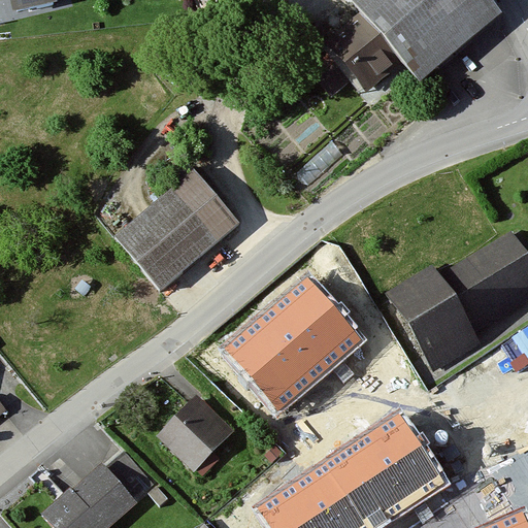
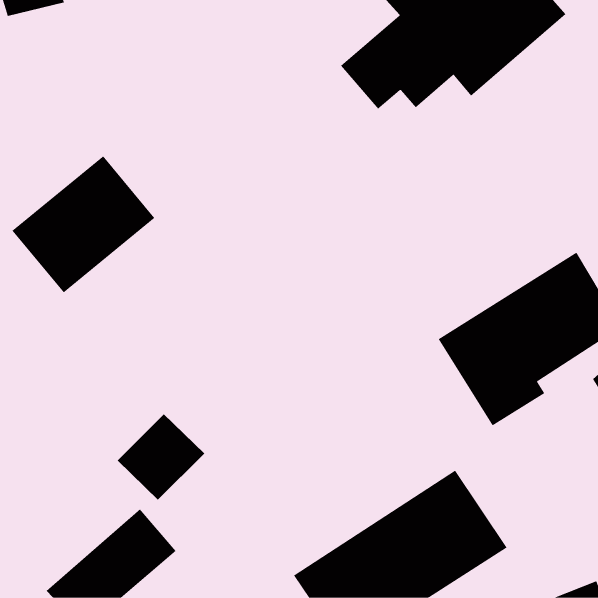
building: [112,171,238,292] -> [12,155,155,293]
building: [228,274,365,409] -> none
building: [157,395,234,471] -> [117,413,205,501]

